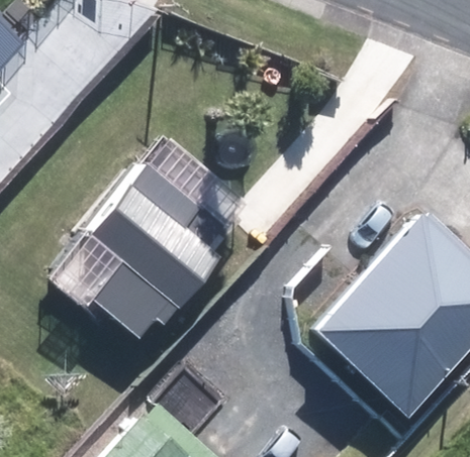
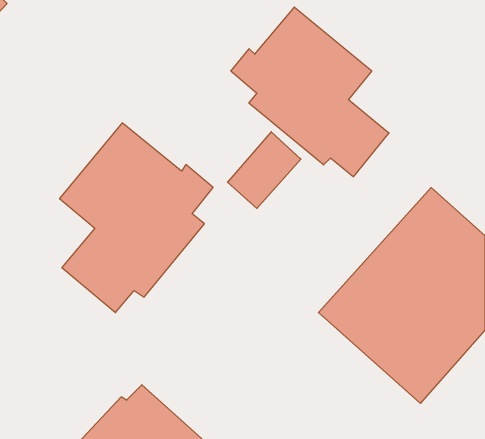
building: none -> [231,7,389,177]

